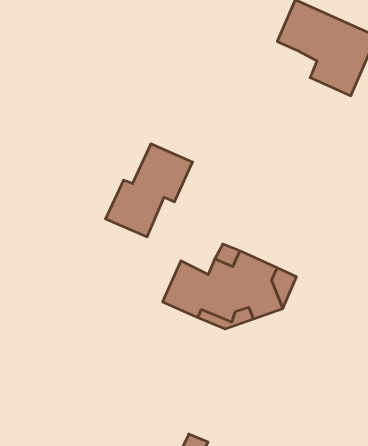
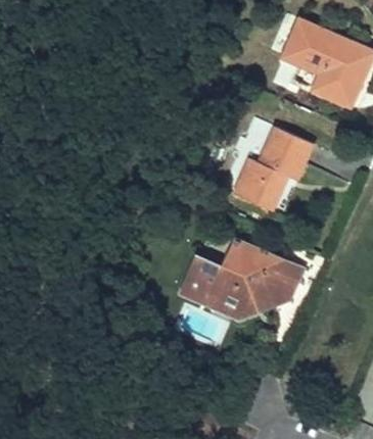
building: [105,144,193,237] -> [234,128,313,211]

